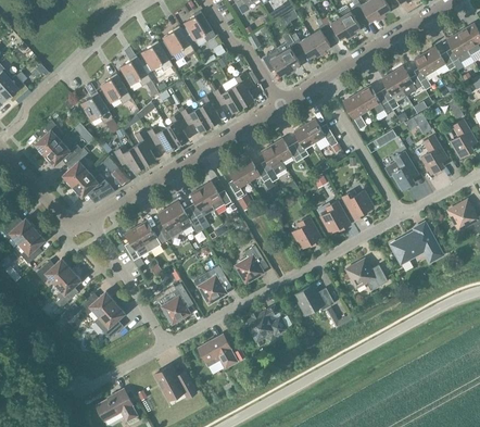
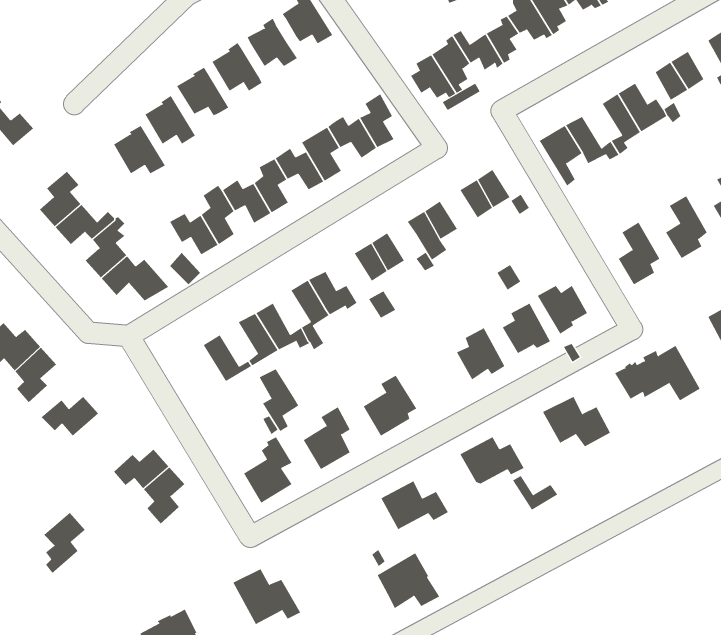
building: [124,227,149,266] -> [259,368,299,432]
building: [54,269,80,307] -> [43,512,86,574]
building: [198,334,237,368] -> [377,552,440,609]

